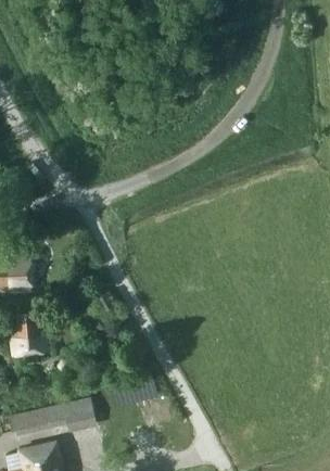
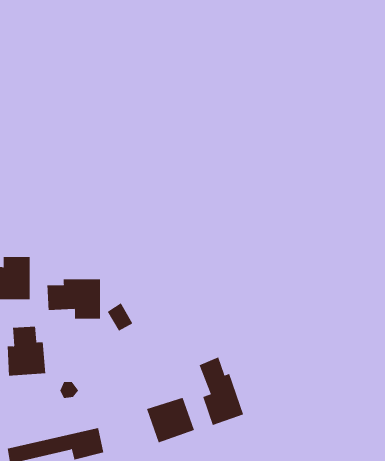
building: none -> [47,278,101,320]
building: none -> [199,357,244,426]

